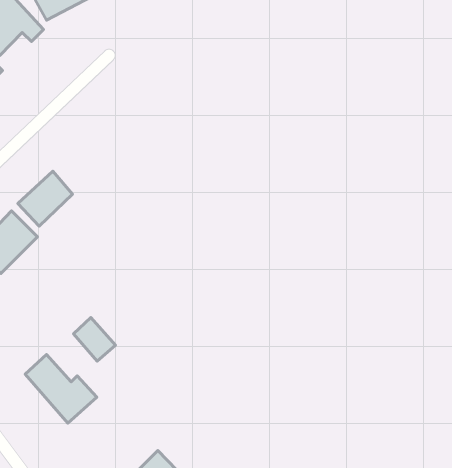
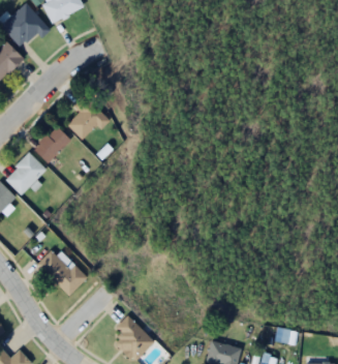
building: none -> [68,95,111,139]
building: [74,318,115,361] -> none

